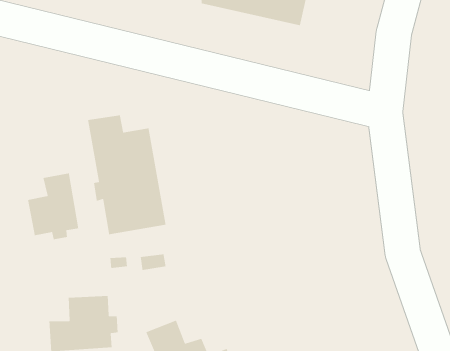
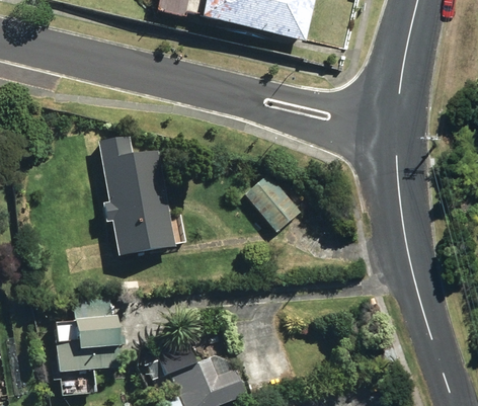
building: none -> [243,171,299,229]
building: [27,173,79,240] -> none

